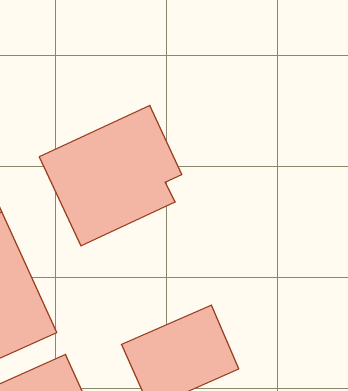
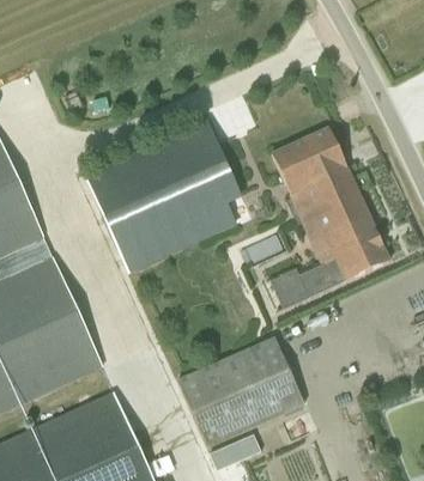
building: none -> [249,128,389,309]

